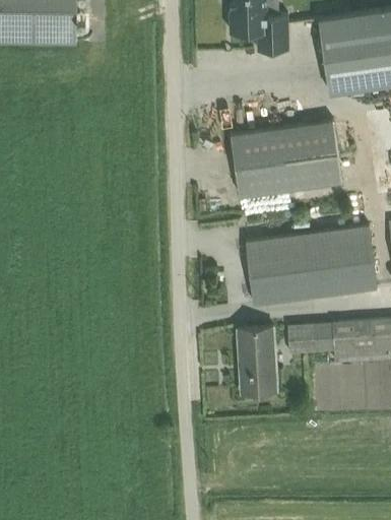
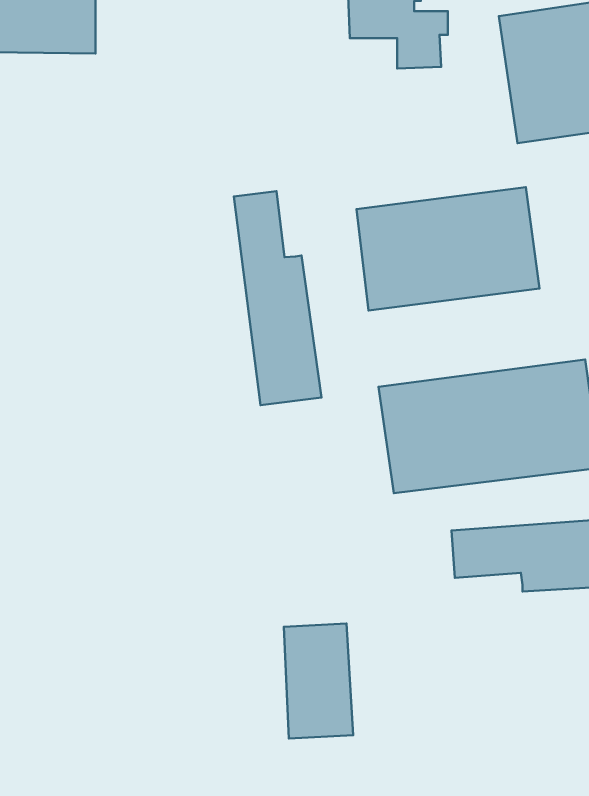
building: none -> [234,191,322,405]
building: [238,327,279,396] -> [284,623,353,738]

